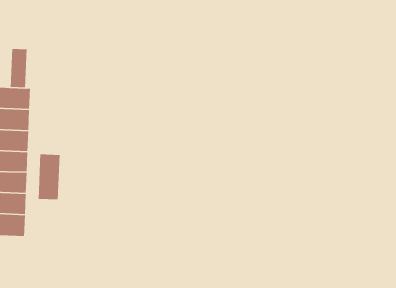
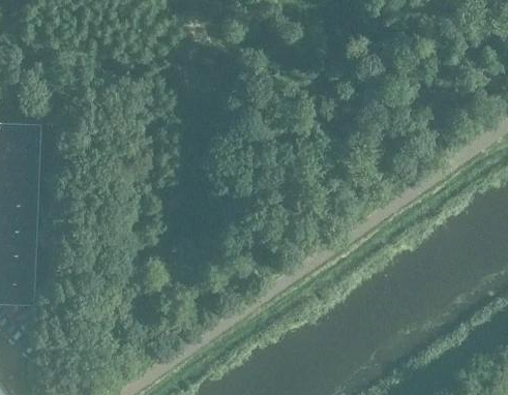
building: [10,48,27,88] -> none
building: [38,154,60,200] -> none

